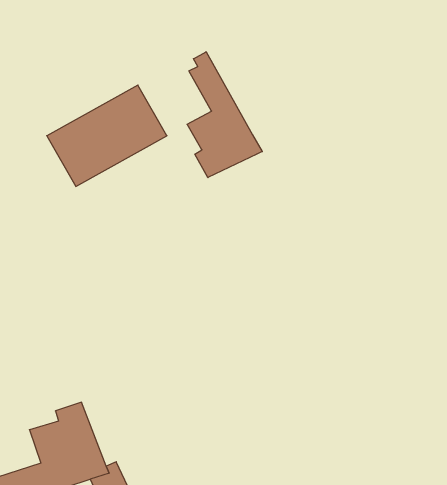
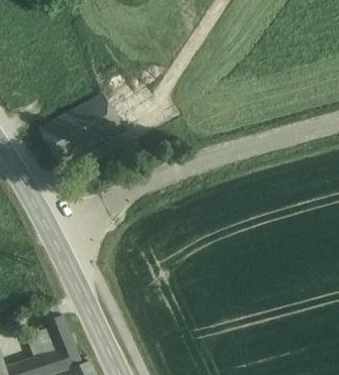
building: [187,52,262,178] -> none

